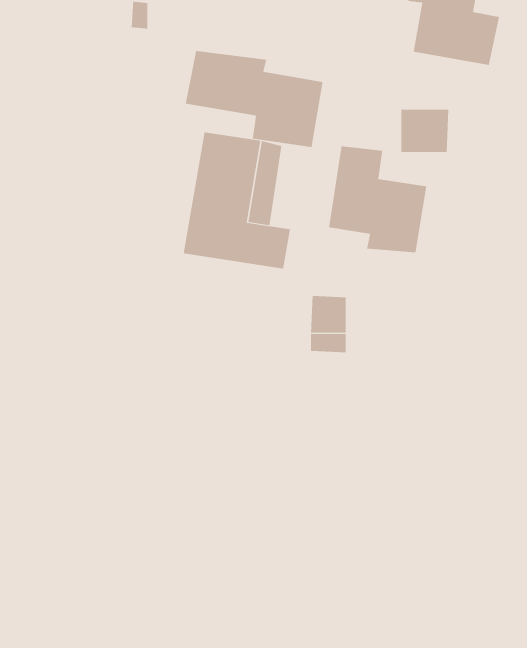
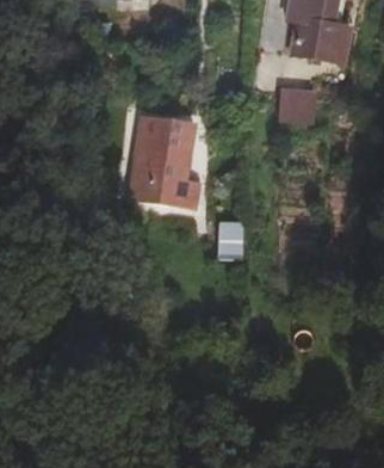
building: [185,50,323,148] -> none
building: [328,145,427,253] -> none

